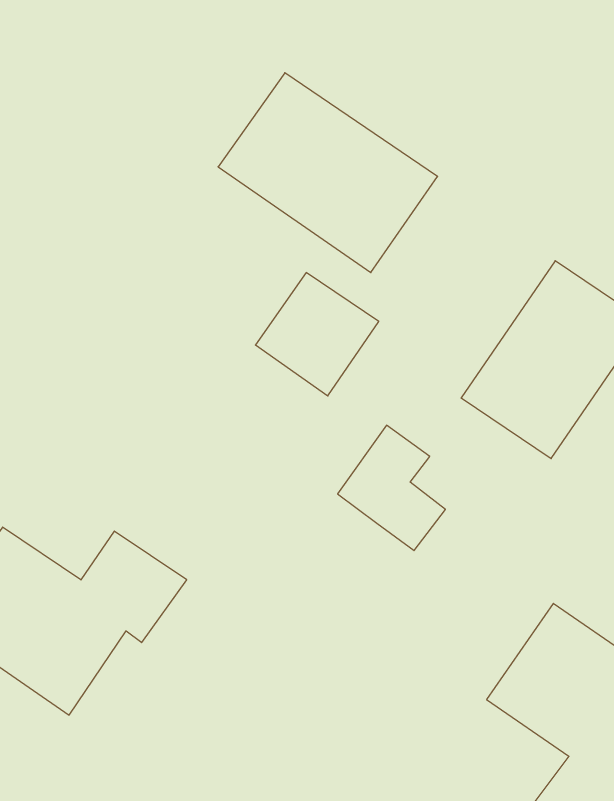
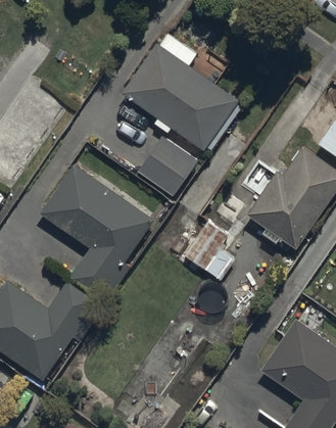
building: none -> [39,164,151,299]

